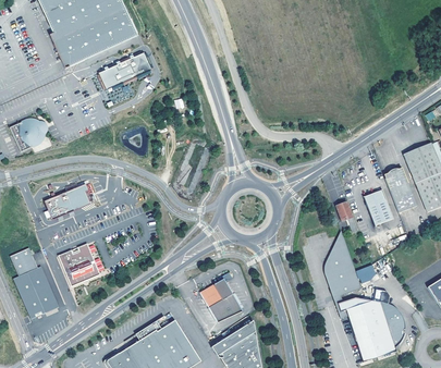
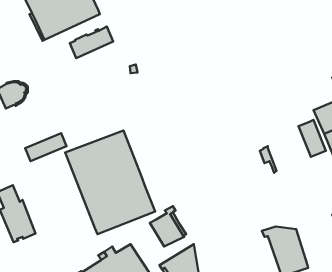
building: none -> [65,130,155,234]
building: [363,188,393,224] -> none
building: [328,232,362,296] -> none
building: [59,243,99,285] -> none
building: [380,300,406,345] -> none

